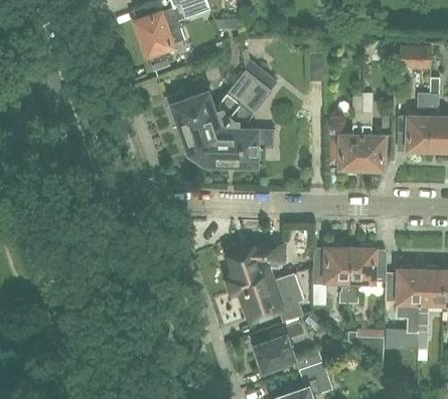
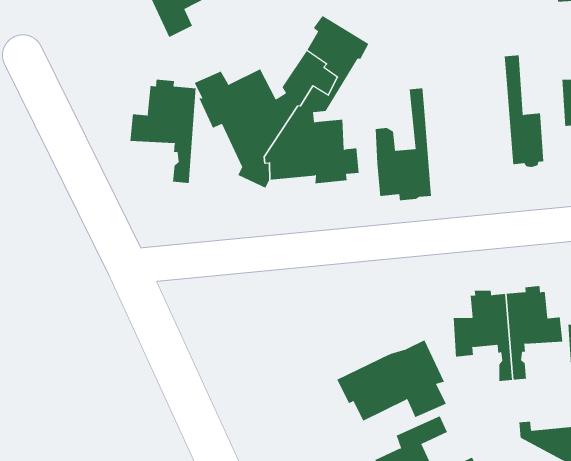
building: none -> [130,79,196,184]
building: [328,98,362,169] -> [375,88,432,201]
building: [226,246,282,294] -> none

